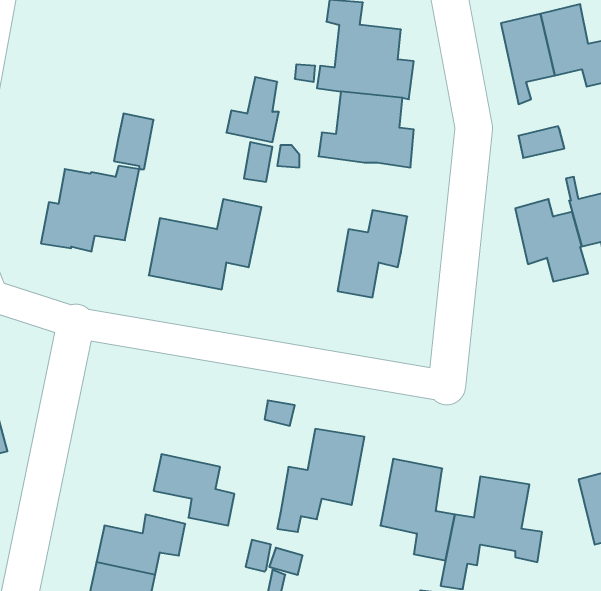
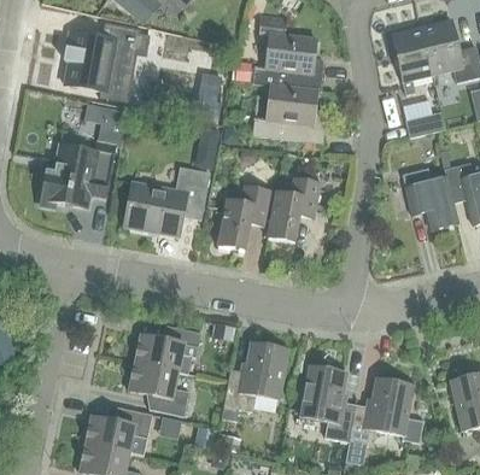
building: none -> [65,23,150,102]
building: none -> [217,184,270,251]
building: none -> [133,327,200,374]

